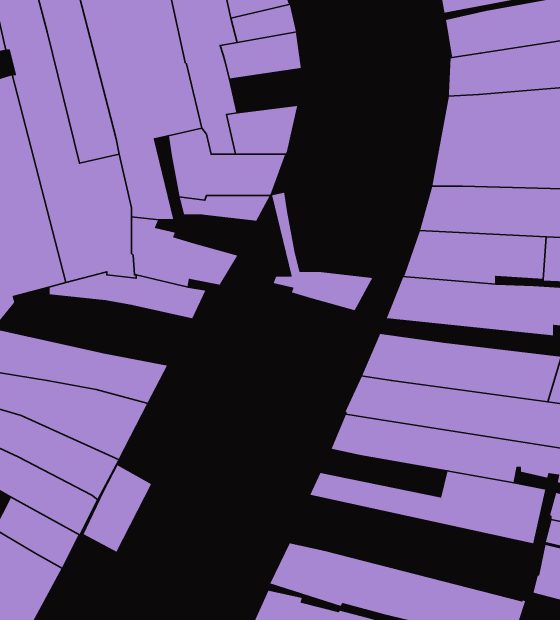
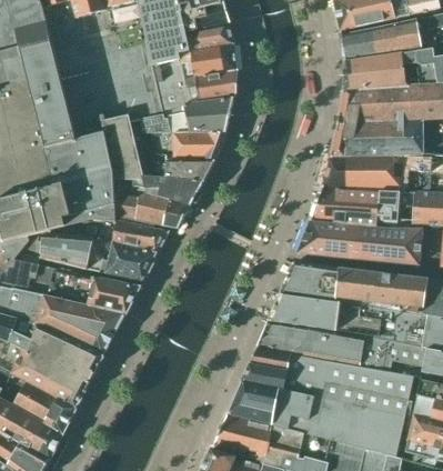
building: none -> [183,70,235,102]
building: [271,192,374,311] -> [129,119,203,206]
building: none -> [31,233,157,280]
building: none -> [249,347,341,381]
building: [83,464,152,553] -> none
building: none -> [226,380,404,457]

